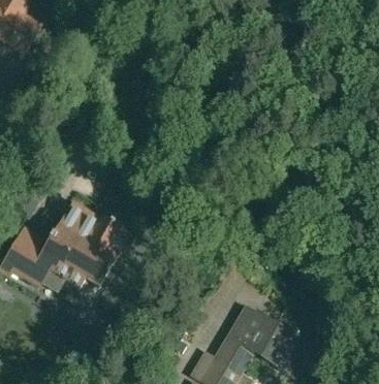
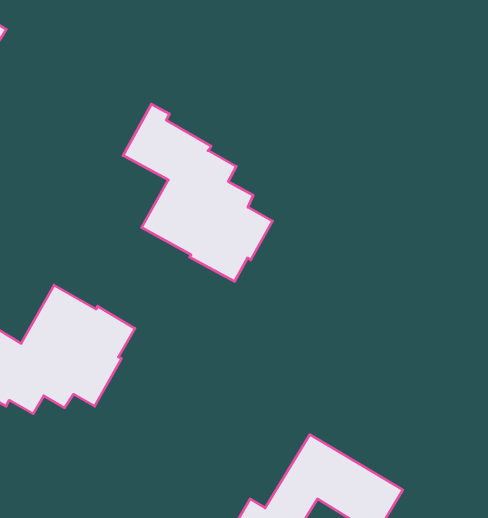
building: none -> [123,104,273,281]

